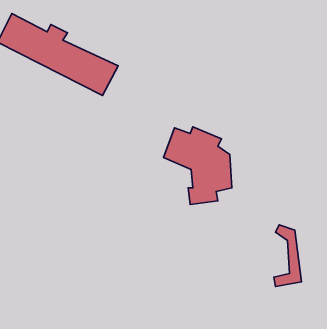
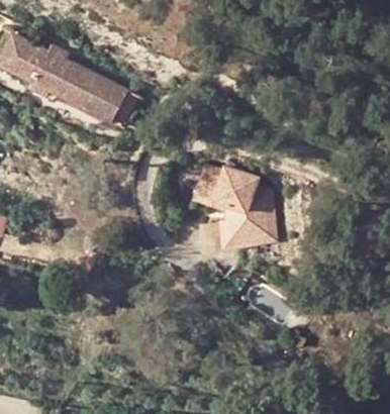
building: [274,225,301,287] -> [243,176,274,243]

